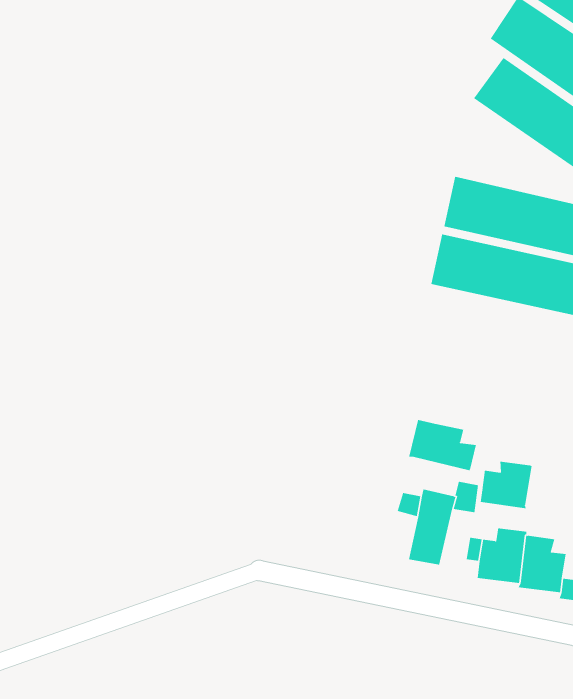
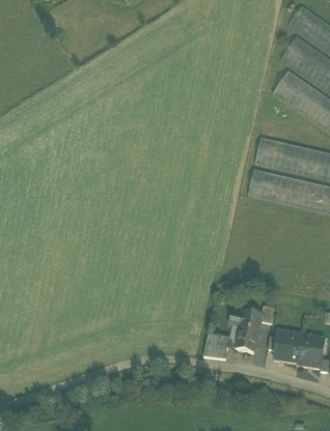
building: [409,419,476,471] -> none
building: [480,461,532,509] -> none
building: none -> [204,334,231,358]

